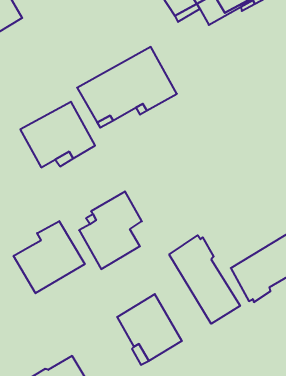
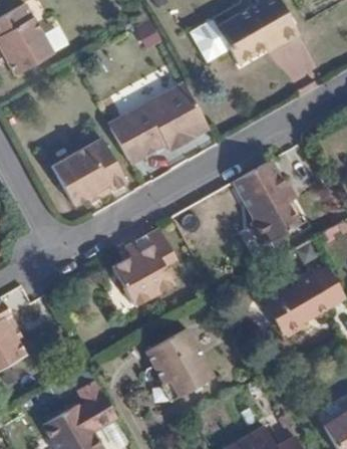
building: none -> [231,158,299,240]
building: [14,221,85,293] -> none
building: [169,235,240,324] -> none

